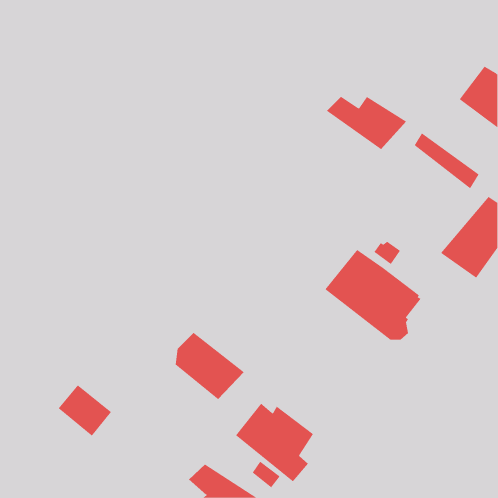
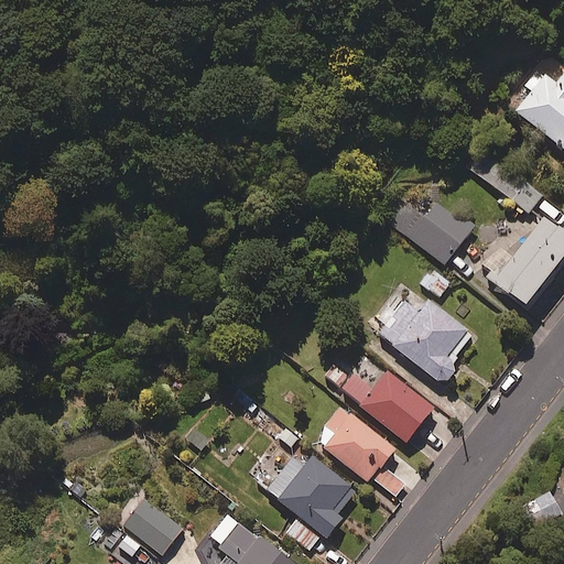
building: [326,96,407,150] -> [386,202,476,262]
building: none -> [341,371,438,445]
building: [175,332,245,400] -> [322,408,400,484]
building: [58,385,112,437] -> [119,496,180,554]

